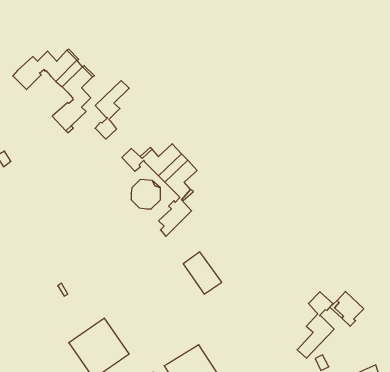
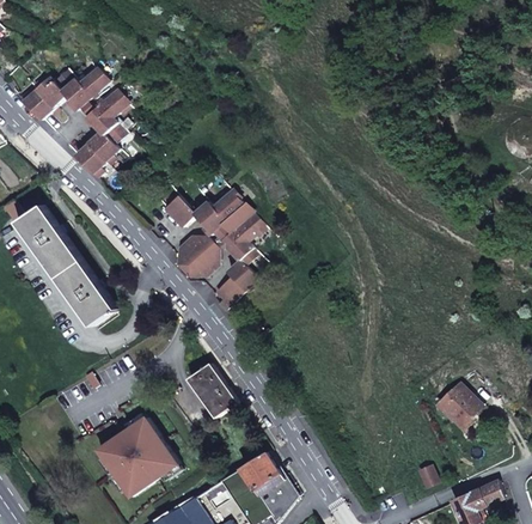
building: [95,81,129,139] -> none
building: none -> [18,205,116,327]
building: [183,252,222,294] -> [188,364,238,419]
building: [297,292,334,358] -> none

